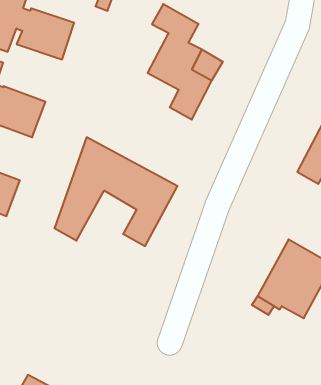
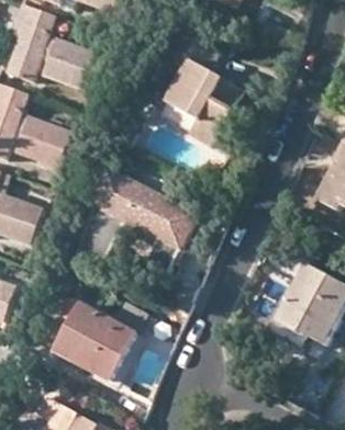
building: none -> [60,299,136,382]

